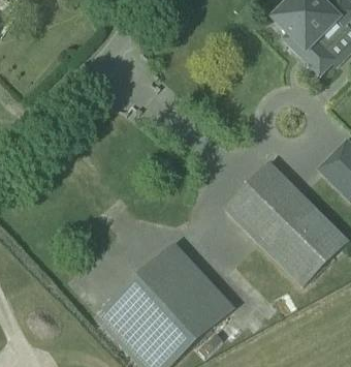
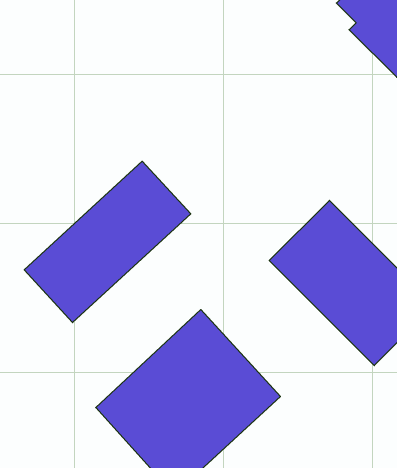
building: none -> [24,161,191,323]

